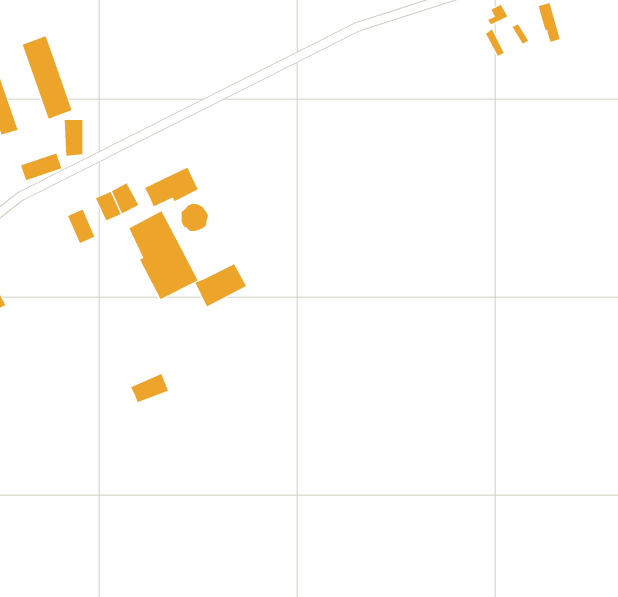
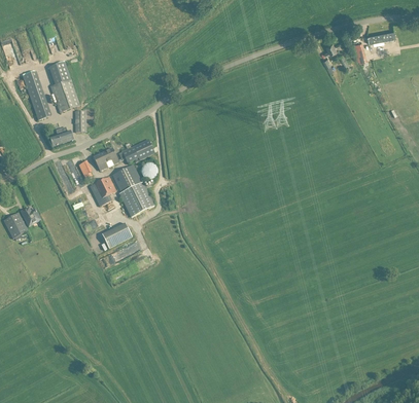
building: none -> [90,177,118,207]
building: [194,263,247,307] -> [101,223,132,249]

